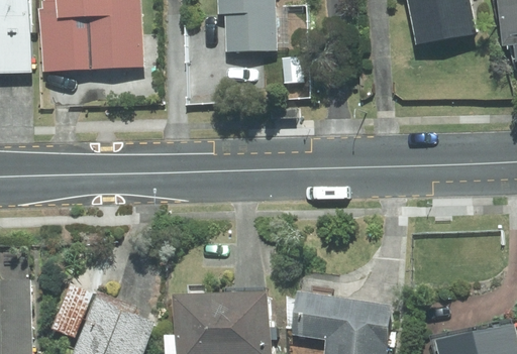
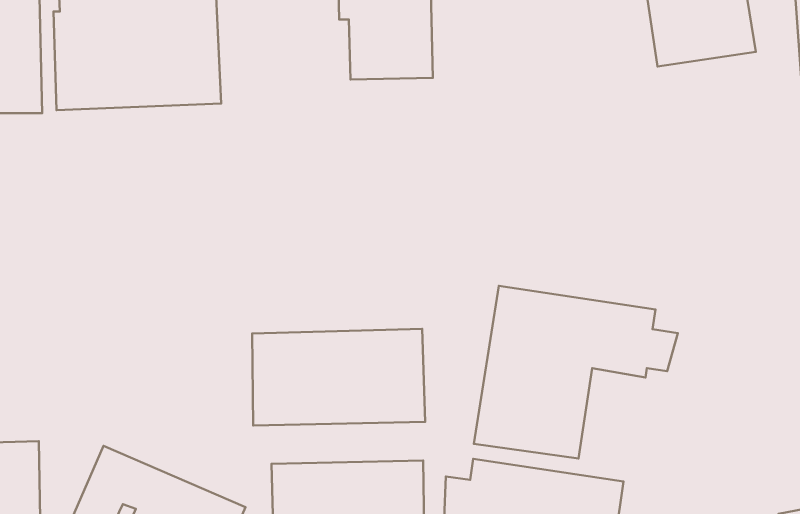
building: none -> [474,286,678,459]
building: none -> [252,329,425,425]

